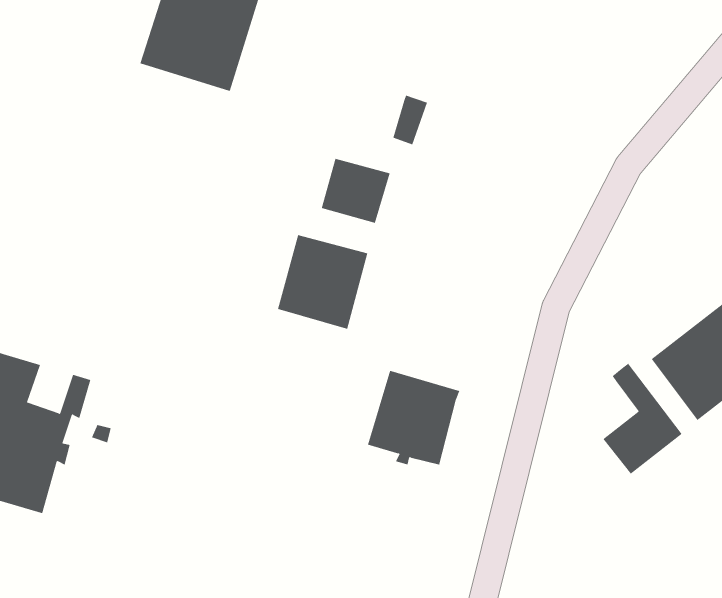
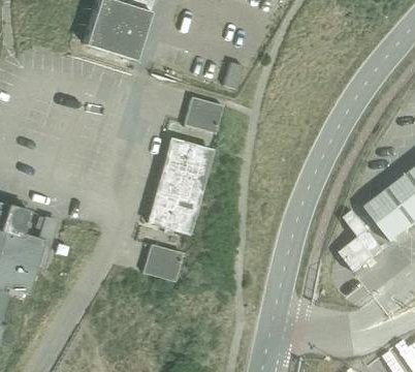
building: [367,370,460,465] -> [147,179,198,231]
building: none -> [142,243,181,279]

